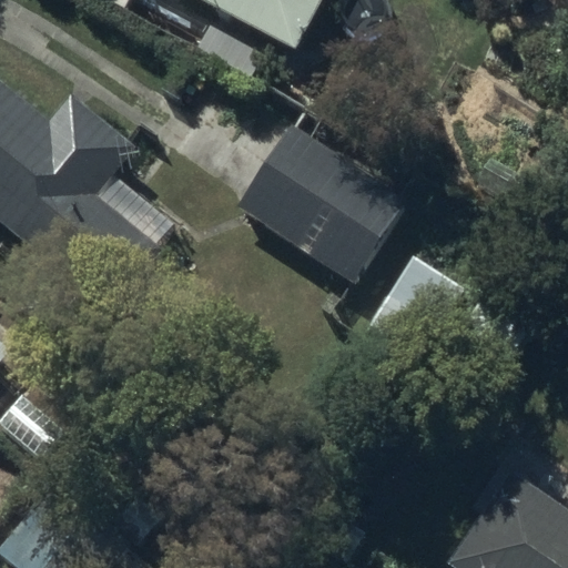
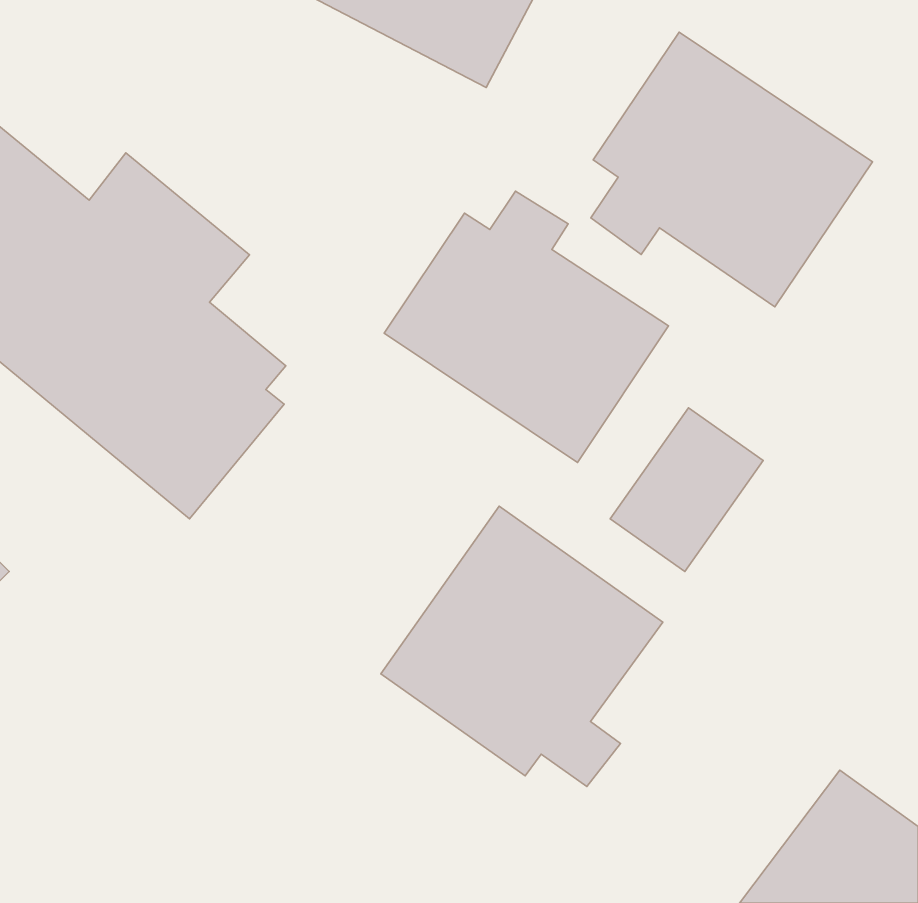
building: none -> [591,32,873,307]
building: none -> [381,506,663,787]

